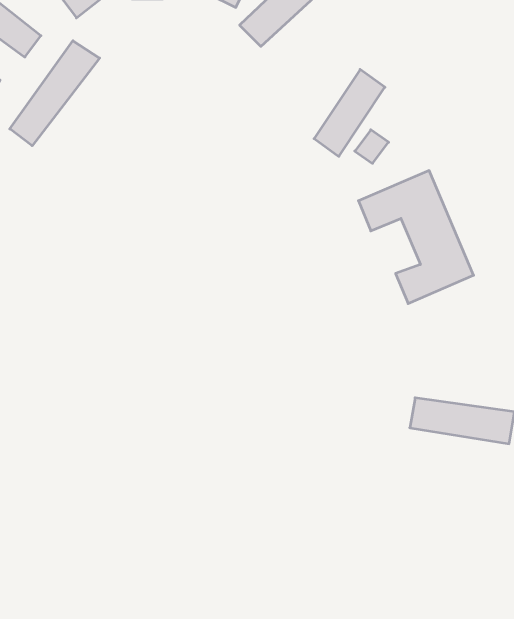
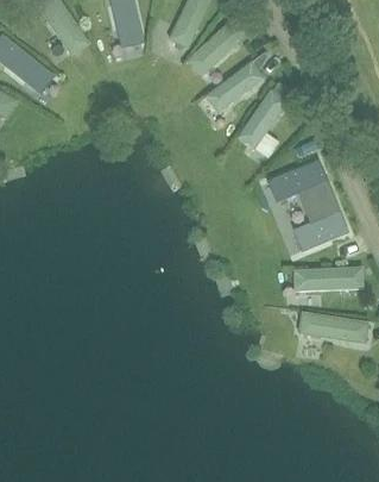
building: none -> [201,65,255,114]
building: [10,41,100,146] -> none
building: none -> [288,269,356,295]

